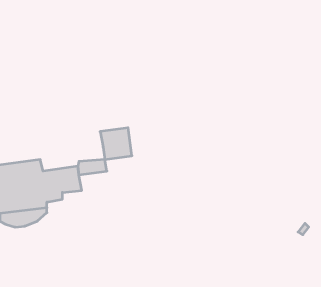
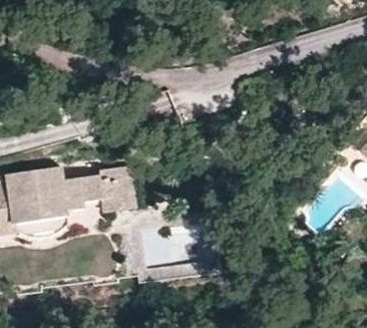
building: [100,128,132,160] -> [98,180,131,213]

